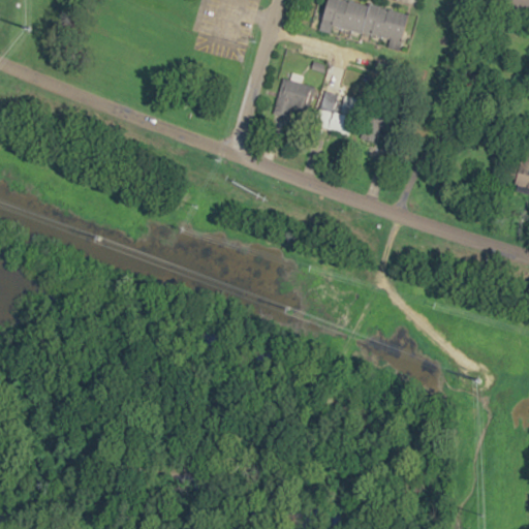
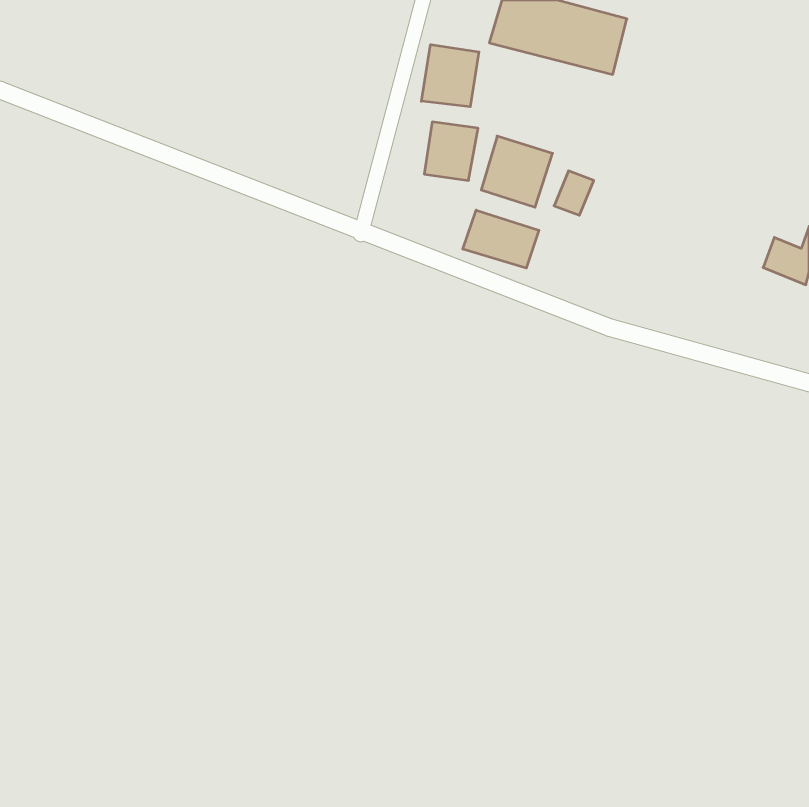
building: none -> [421,45,479,107]
building: none -> [463,210,539,268]

